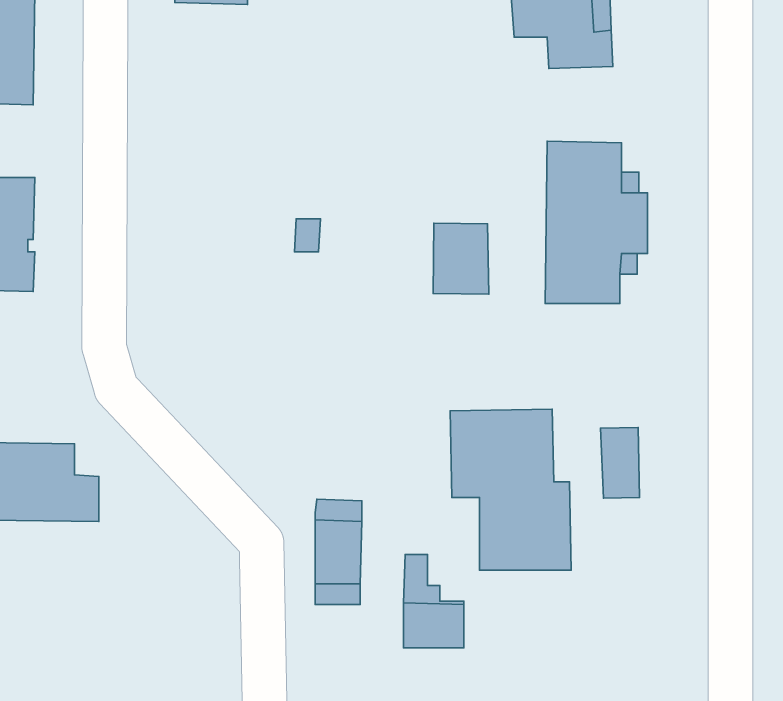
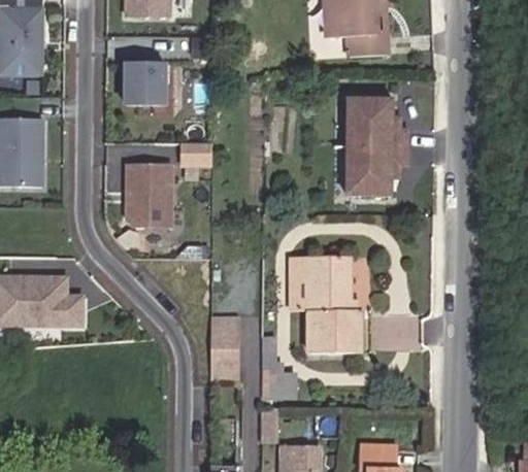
building: none -> [125,64,166,104]
building: [433,223,489,294] -> none
building: none -> [127,163,171,228]
building: [601,427,640,498] -> none

